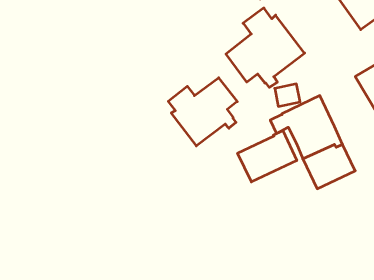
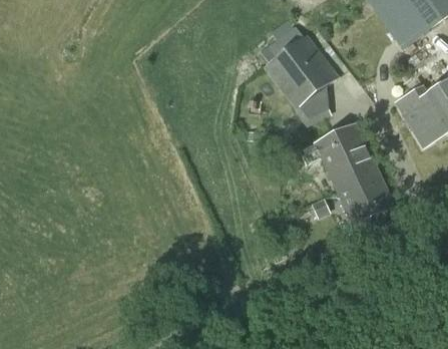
building: [168,78,237,146] -> none
building: [238,131,297,182] -> none

